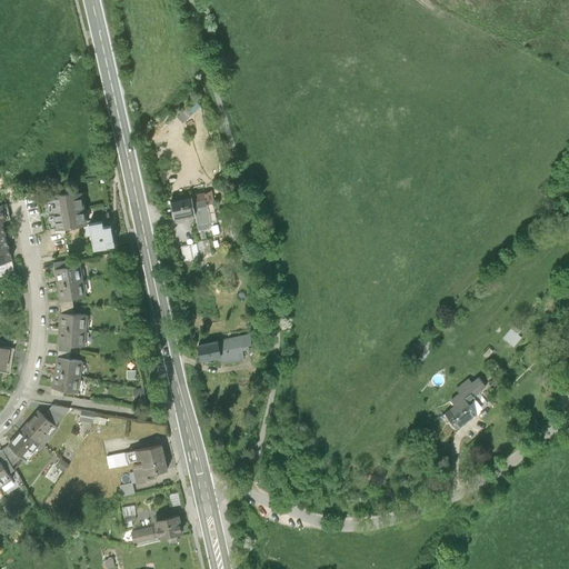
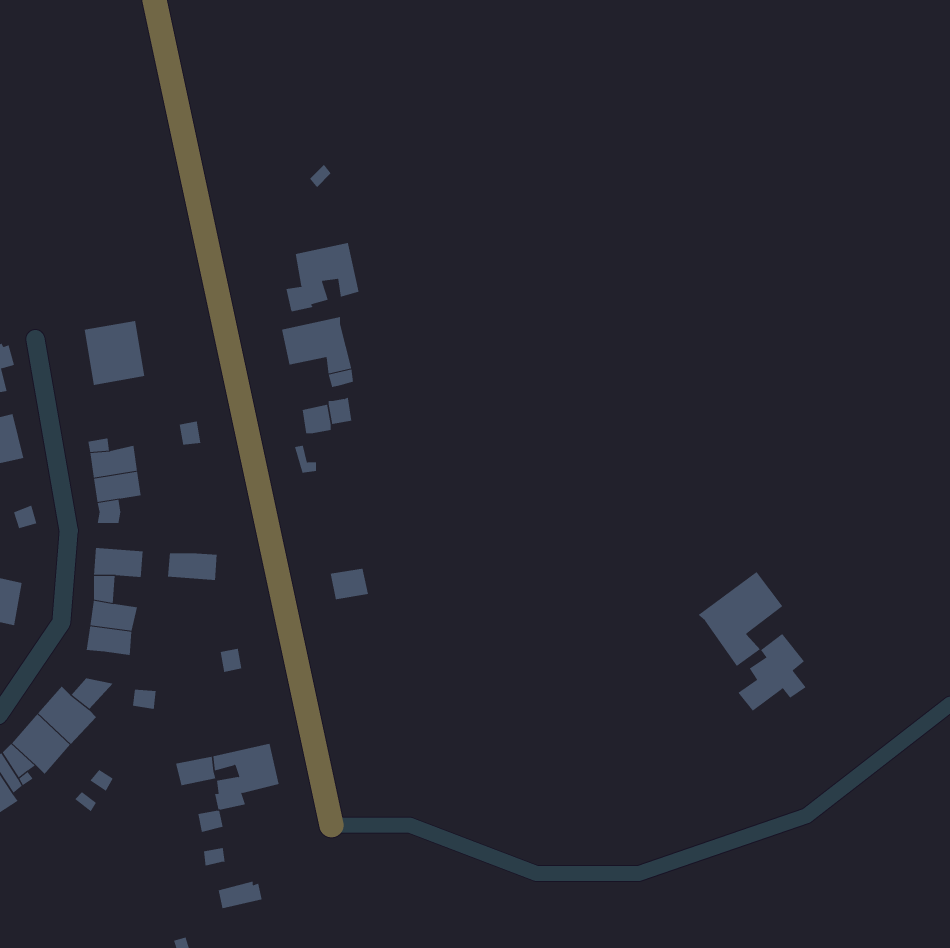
building: none -> [286,242,359,312]
building: [88,222,114,252] -> none
building: [57,315,87,331] -> [167,553,218,581]
building: [217,336,251,362] -> none
building: none -> [698,571,783,667]
building: [152,516,182,539] -> none

